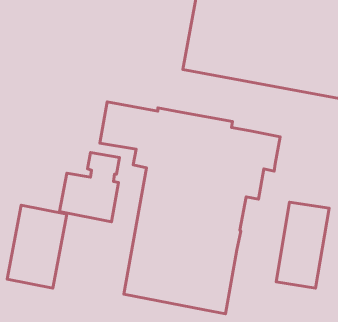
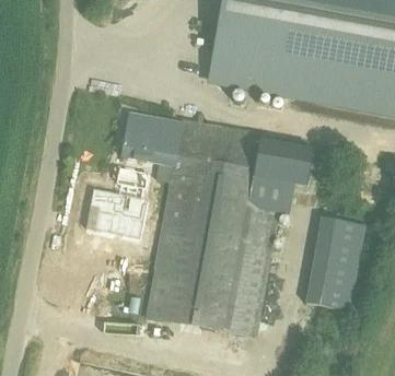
building: [7,205,67,288] -> none

